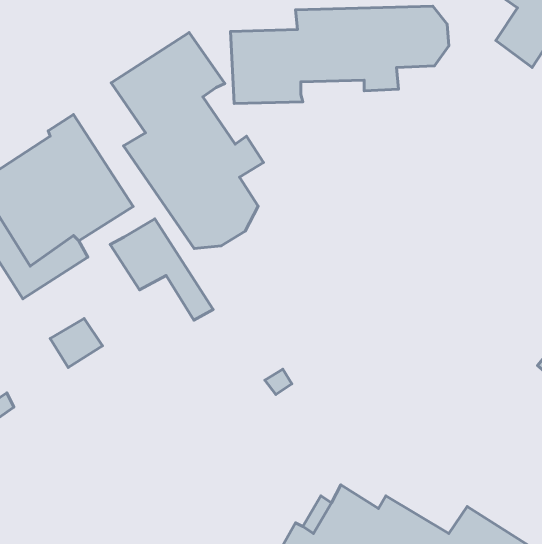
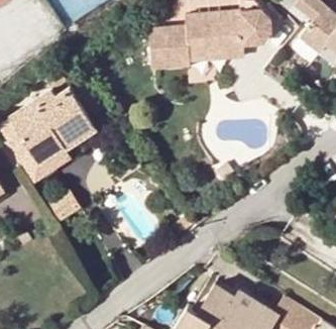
building: [111,32,263,248] -> none
building: [110,219,213,320] -> none

